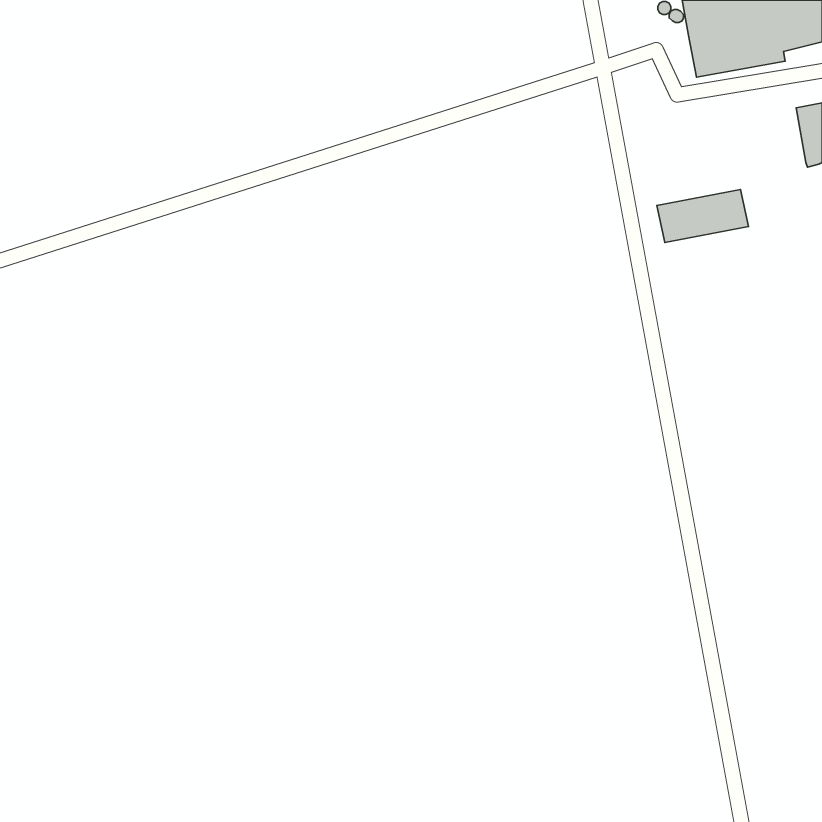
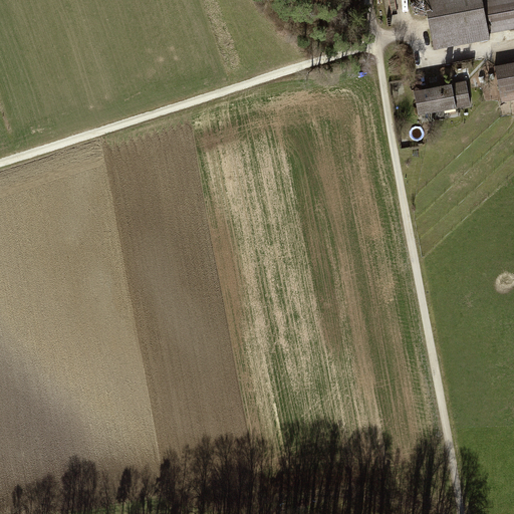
building: [657,190,749,243] -> [414,80,471,113]

